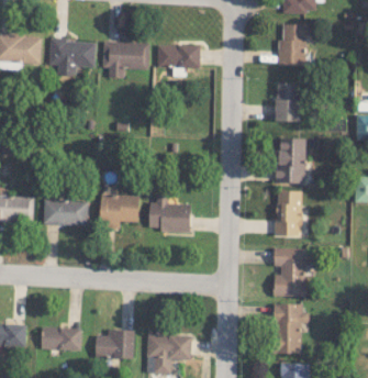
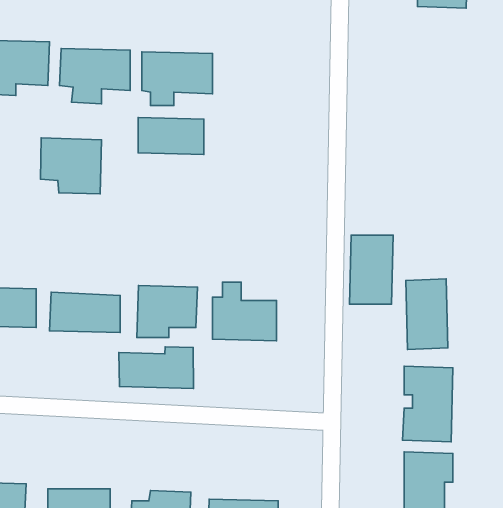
building: [277,24,308,66] -> none
building: [157,44,200,68] -> [138,118,204,155]
building: [275,82,300,122] -> none
building: none -> [41,138,102,194]
building: [277,138,305,184] -> [349,235,393,304]
building: none -> [119,347,194,389]

